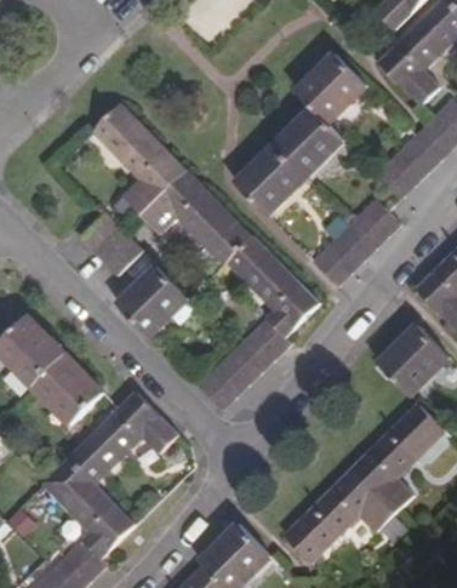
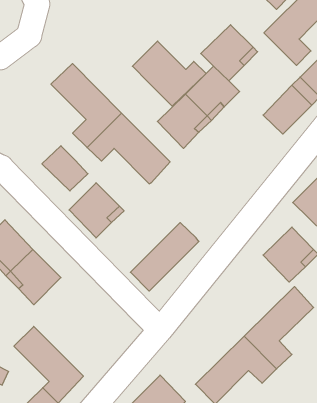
building: none -> [132,41,206,106]
building: [310,196,400,285] -> none
building: [225,234,321,337] -> none
building: [68,390,177,483] -> none

